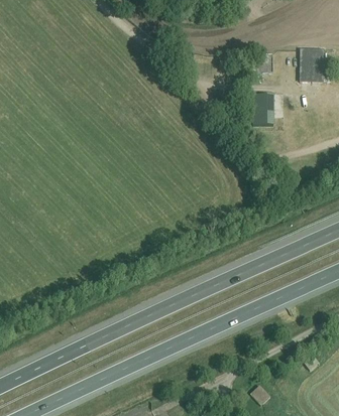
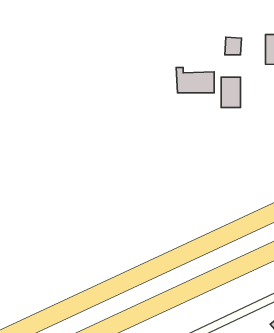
building: none -> [176,68,214,93]

